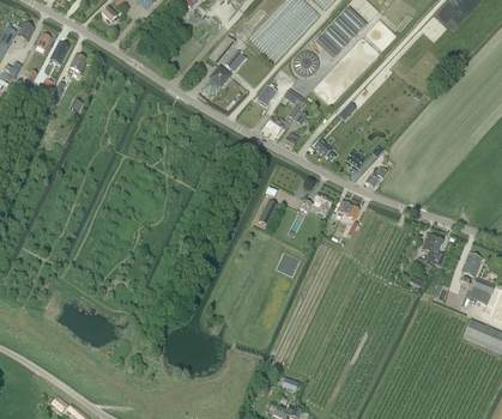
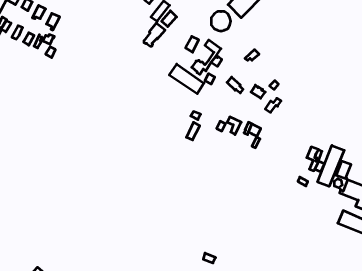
building: none -> [169,64,204,94]
building: none -> [318,145,344,186]

